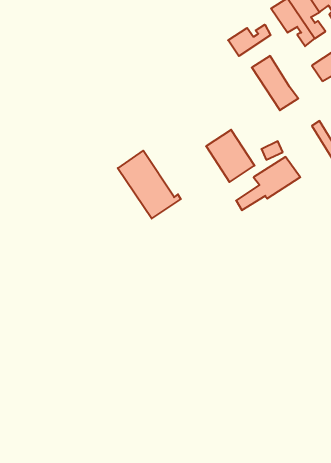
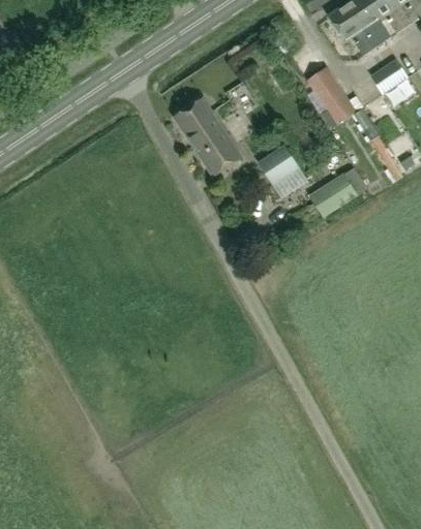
building: [228,25,271,56] -> none
building: [118,151,181,219] -> [175,98,242,170]

